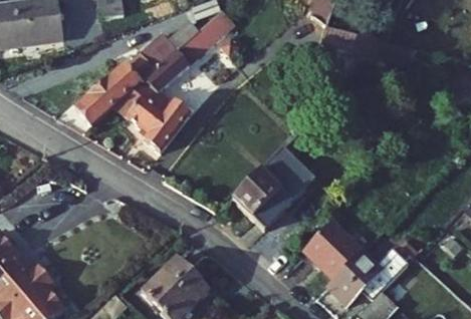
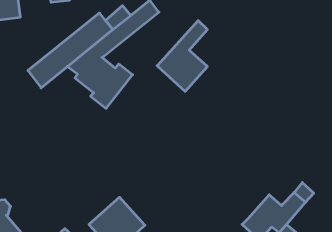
building: [244,146,305,233] -> [157,21,207,91]
building: [316,225,374,282] -> none

